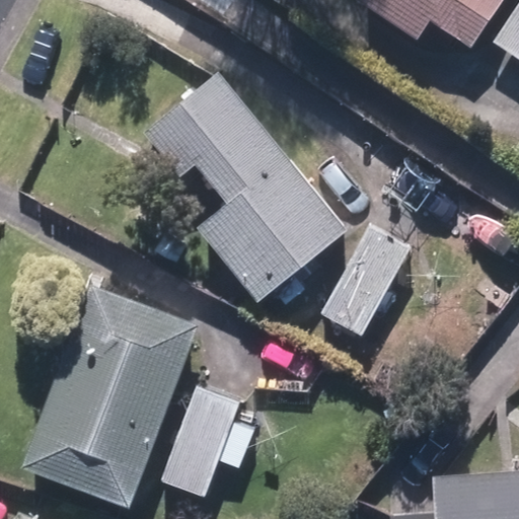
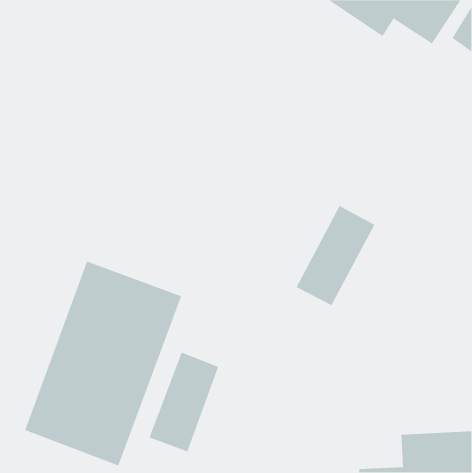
building: [146,74,347,306] -> none

